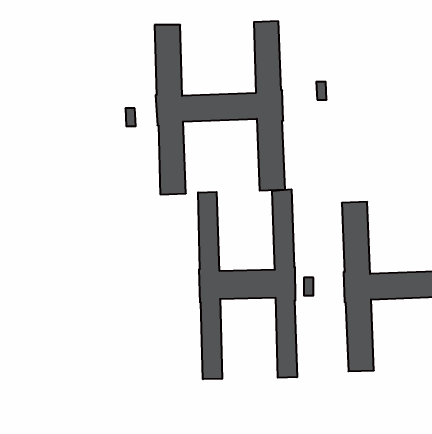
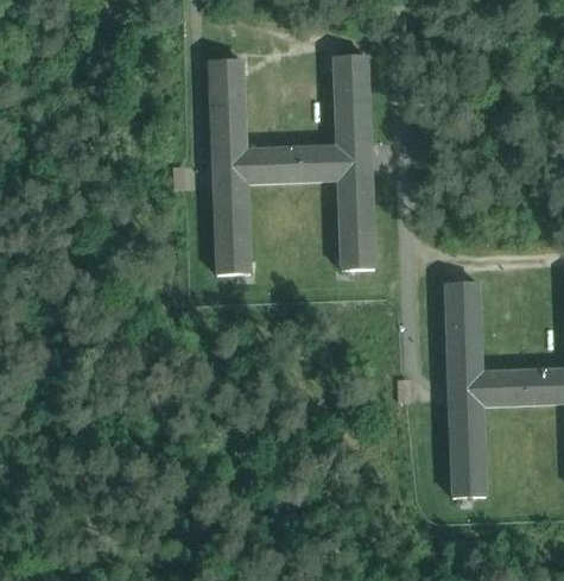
building: [198,189,297,379] -> none

